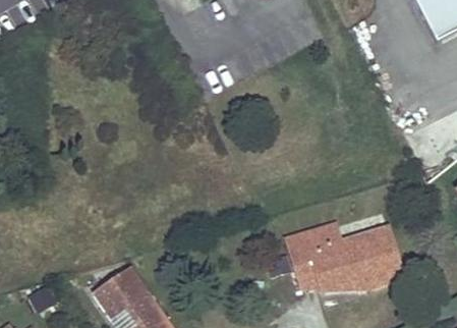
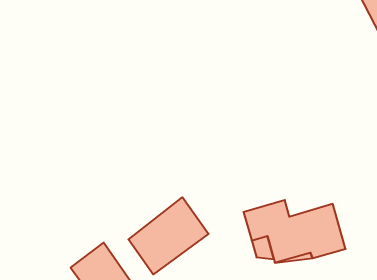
building: none -> [128,197,209,274]

